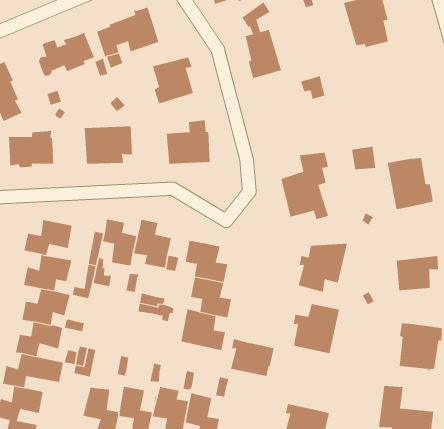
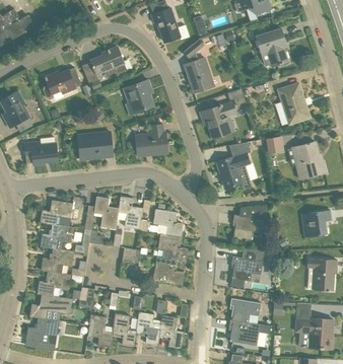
building: none -> [276,83,310,125]
building: none -> [200,101,236,138]
building: [230,339,275,377] -> [229,298,260,323]

